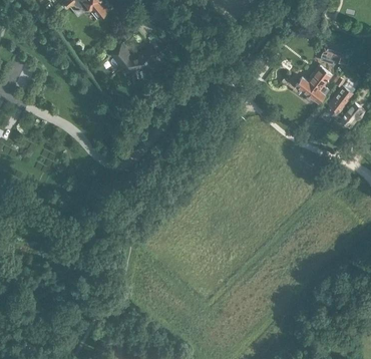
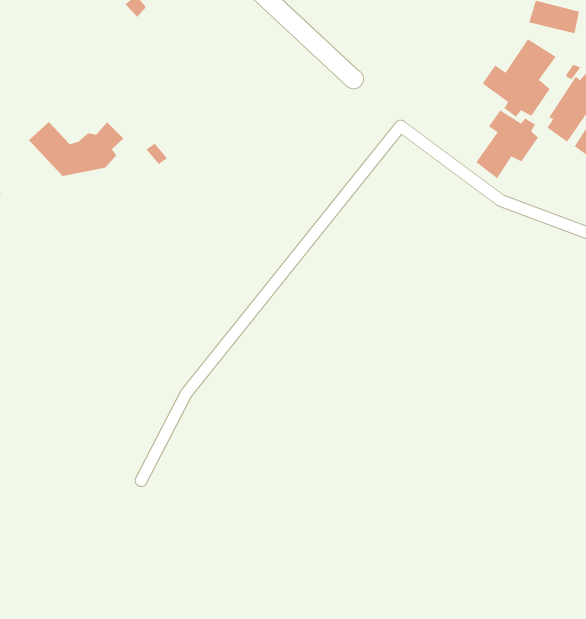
building: [110,44,158,72] -> [28,121,124,176]
building: none -> [475,110,539,179]

